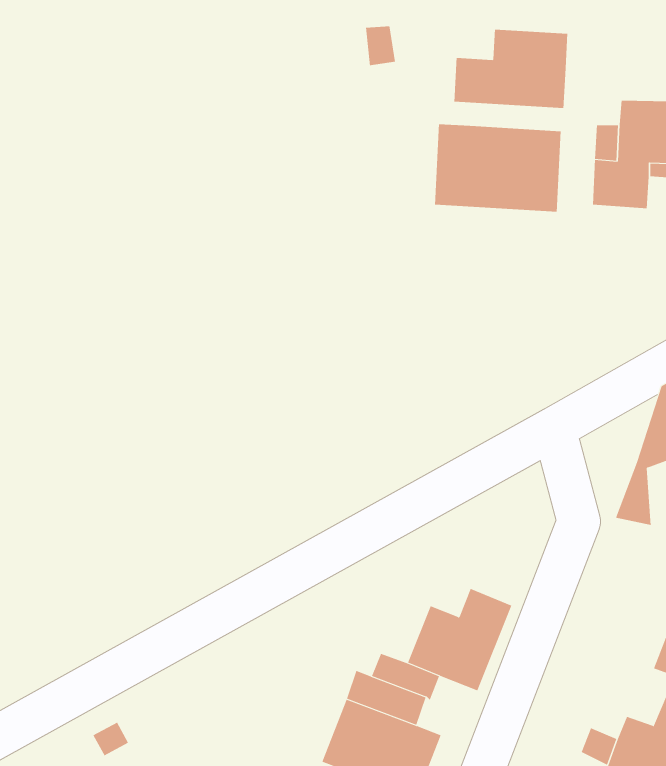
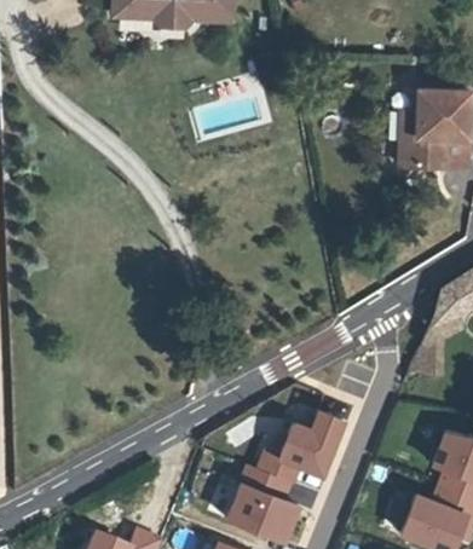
building: [454,29,568,109] -> none
building: [434,123,561,213] -> none

